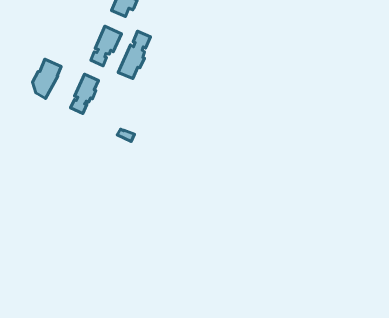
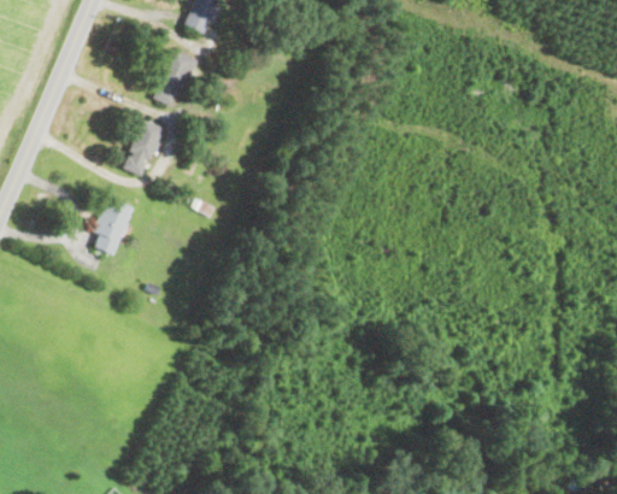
building: [118,31,151,79] -> none
building: [32,59,61,99] -> [92,199,134,257]

